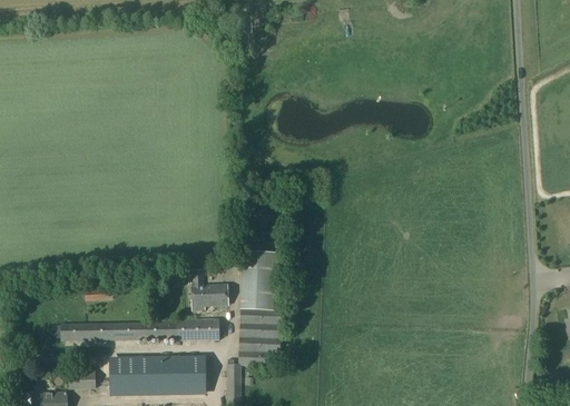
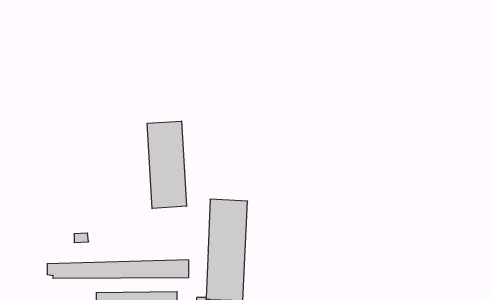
building: none -> [147,121,186,209]
building: [191,268,228,309] -> none

